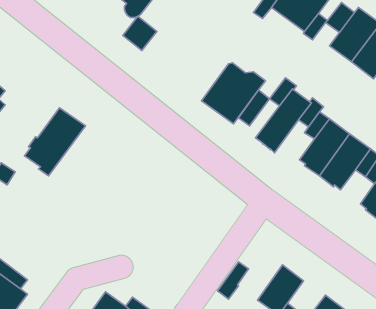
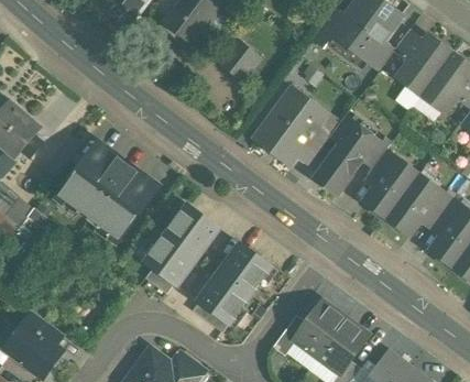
building: [123,16,157,50] -> [222,42,260,79]
building: none -> [88,165,156,239]
building: none -> [146,205,220,285]
building: none -> [199,243,273,324]
building: none -> [296,302,346,357]

